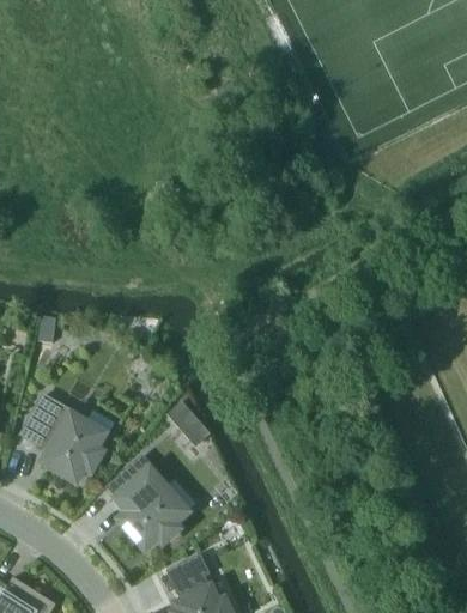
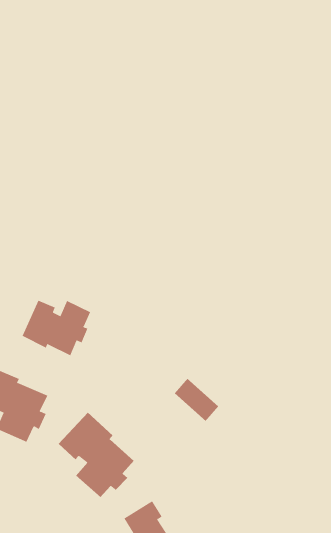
building: none -> [22,300,91,356]
building: [169,400,214,448] -> [174,378,219,422]

